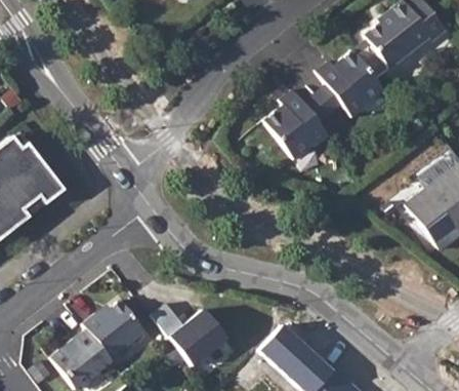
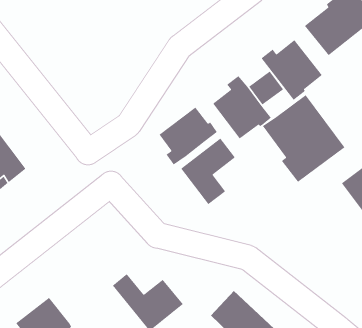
building: none -> [262,94,345,183]
building: none -> [158,106,218,166]
building: none -> [180,137,236,205]
building: [83,301,144,358] -> none

